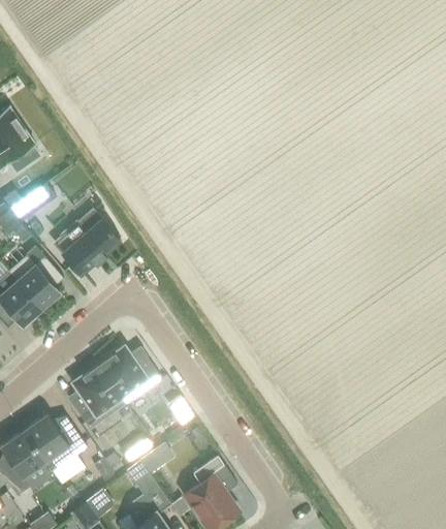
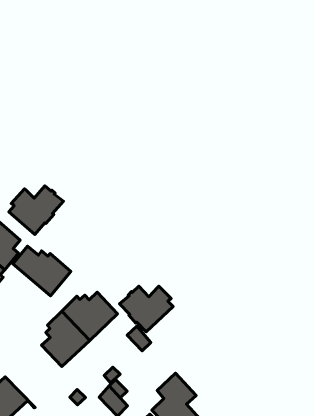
building: none -> [13,246,71,296]
building: none -> [120,286,173,332]
building: [24,413,88,471] -> none

